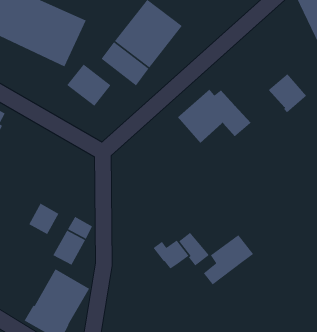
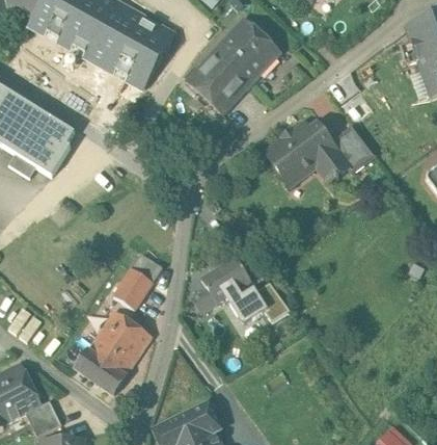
building: [66,63,112,107] -> none
building: [268,73,307,113] -> [332,127,376,172]
building: [28,203,60,235] -> none
building: [203,234,254,285] -> [192,257,251,312]

